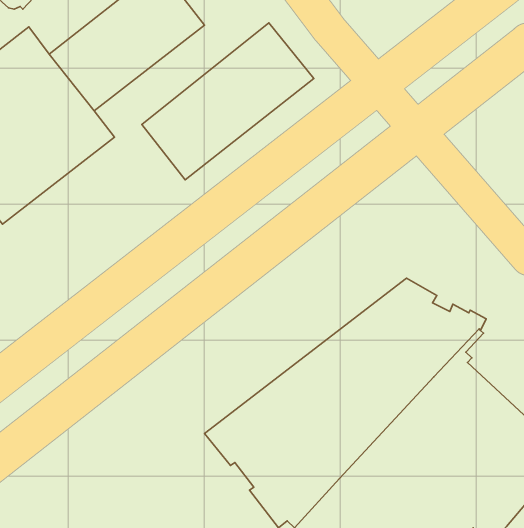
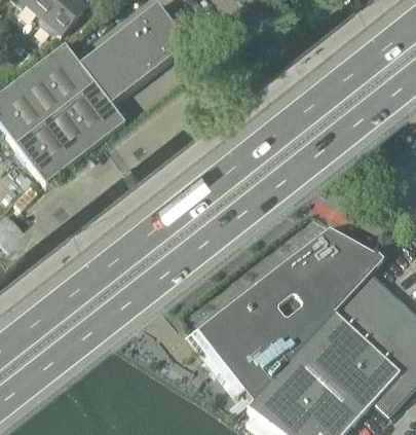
building: [142,23,314,180] -> none

